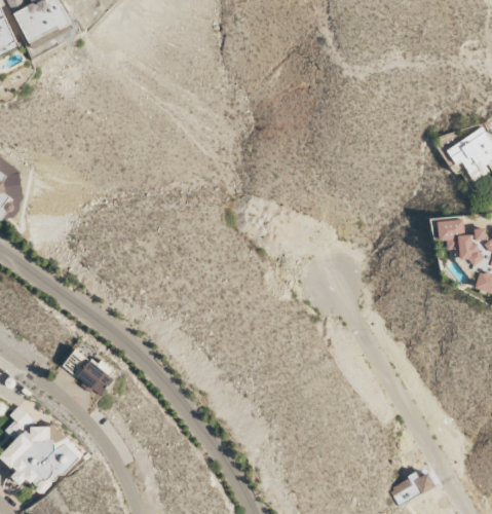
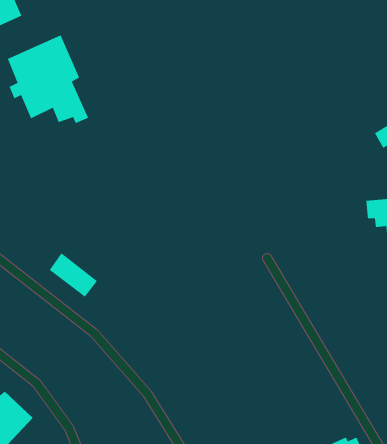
building: none -> [7,34,89,124]
building: [62,347,114,396] -> [49,252,98,298]

